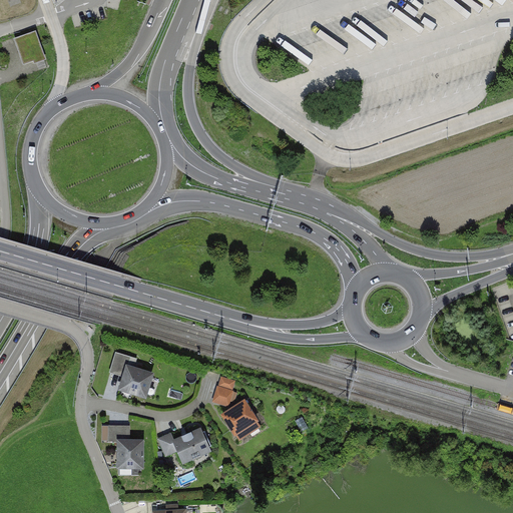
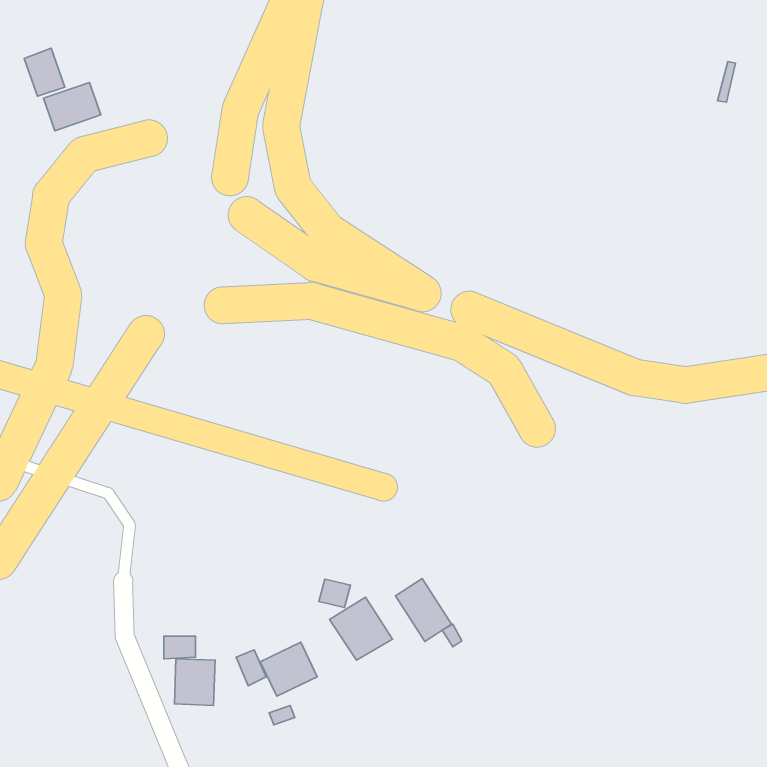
building: none -> [43,82,101,131]
building: [116,363,153,396] -> none
building: none -> [396,579,451,641]

